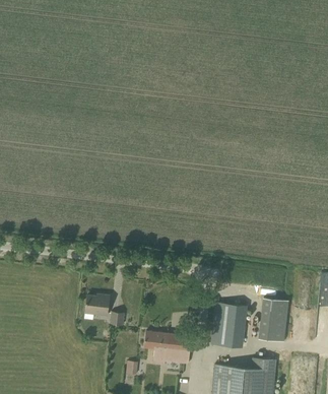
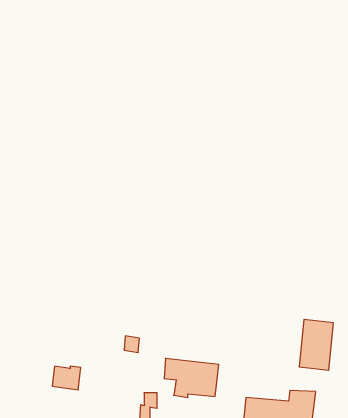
building: [84,296,109,316] -> [52,366,81,390]
building: [211,303,245,347] -> none

